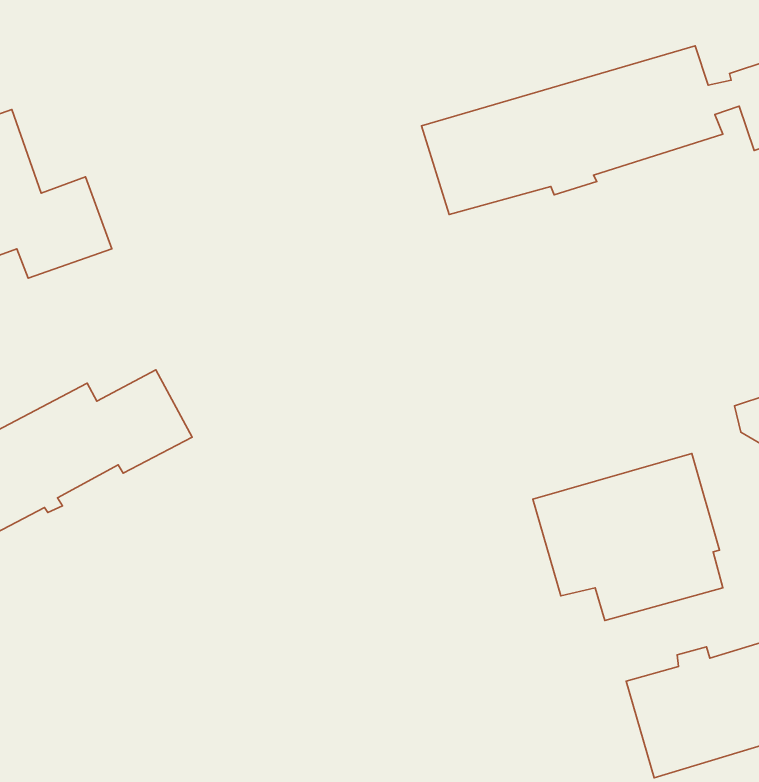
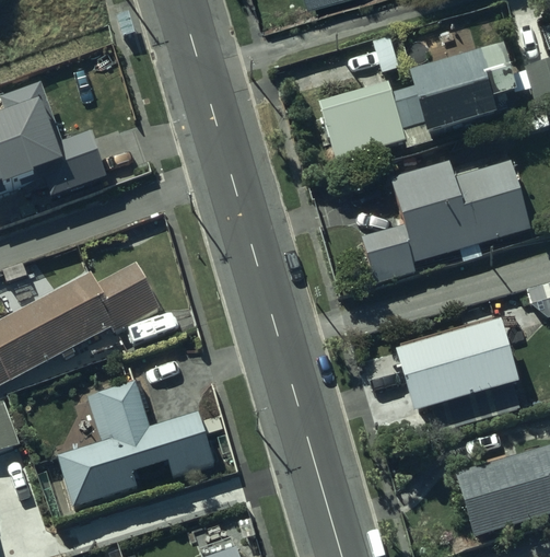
building: none -> [359,158,529,281]
building: none -> [59,381,219,508]

